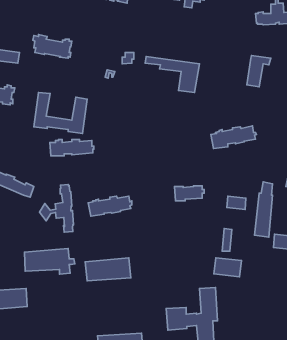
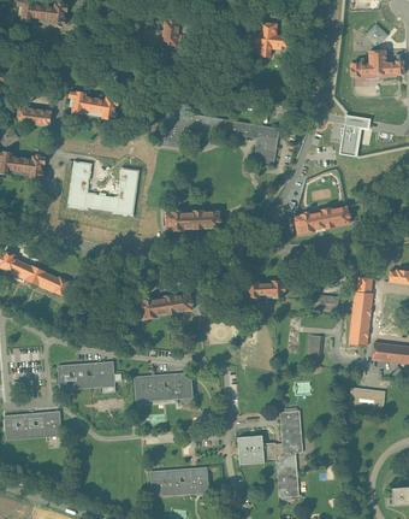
building: [50,140,94,156] -> [166,210,221,230]
building: [39,185,74,232] -> none
building: [214,258,242,277] -> [349,388,384,412]

